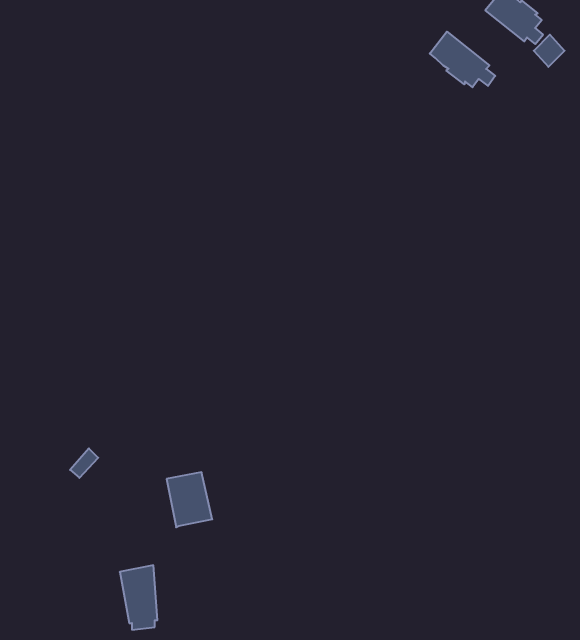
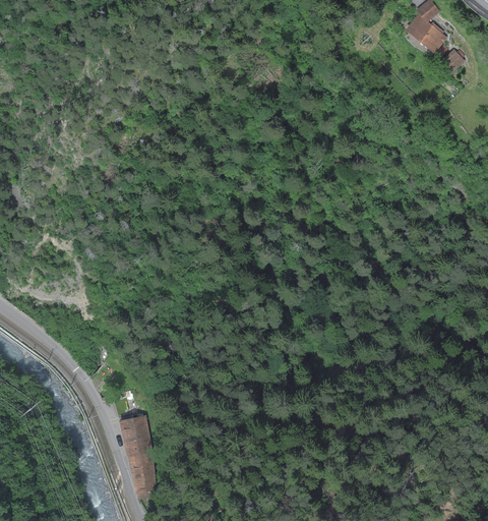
building: [430,32,495,87] -> none
building: [167,472,212,527] -> [118,414,152,456]

